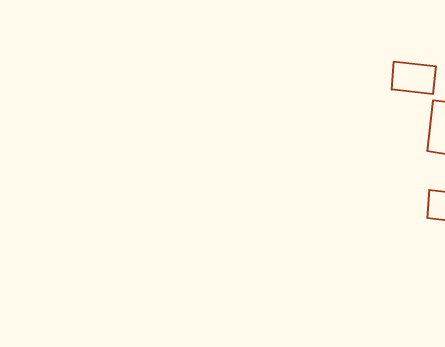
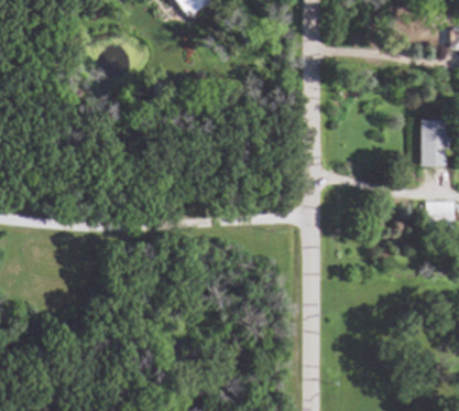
building: [392,62,436,94] -> none

